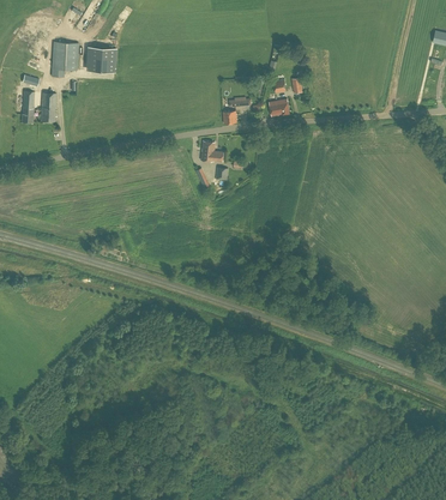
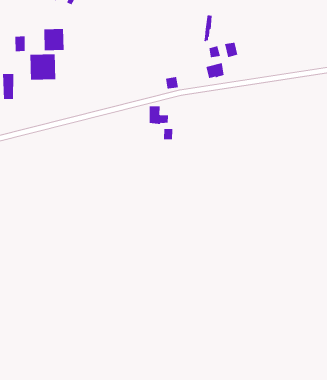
building: none -> [30,54,56,81]

